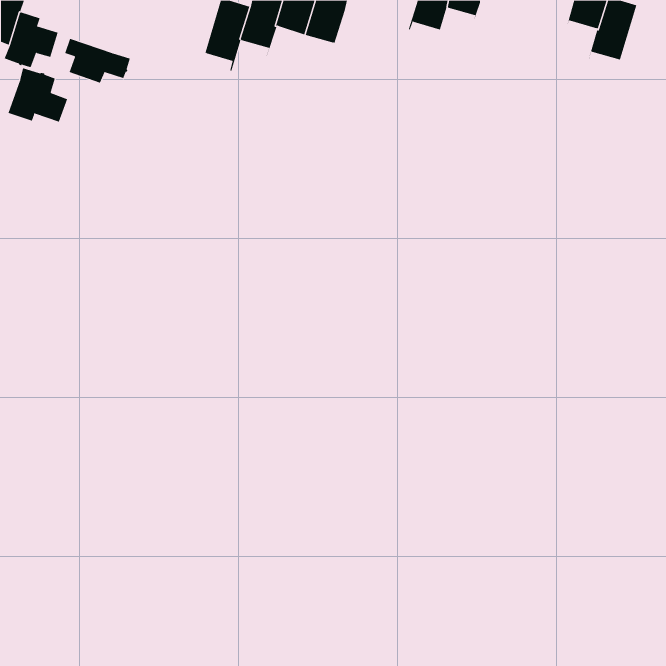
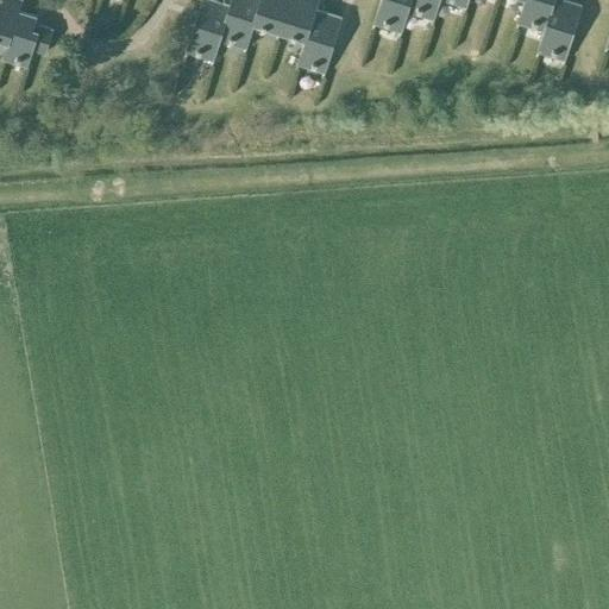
building: none -> [295,10,341,76]
building: [64,38,130,83] -> none
building: [8,67,68,123] -> none

